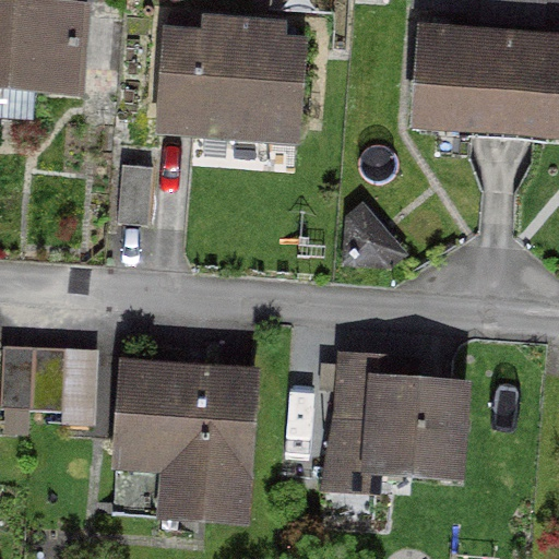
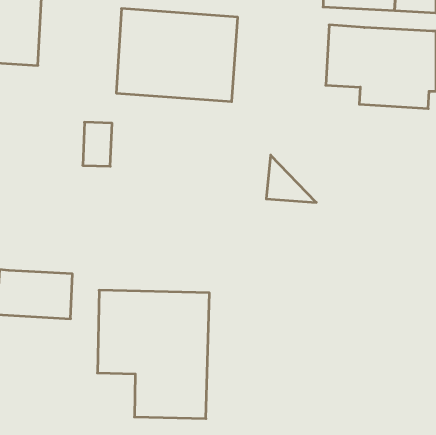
building: [332,360,481,495] -> none

